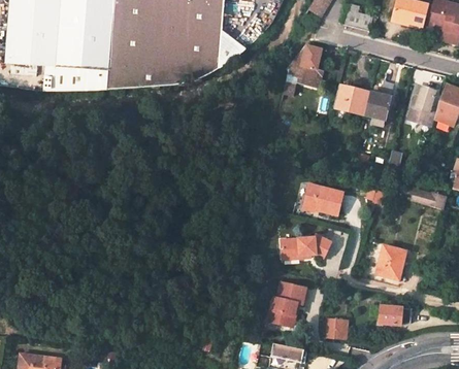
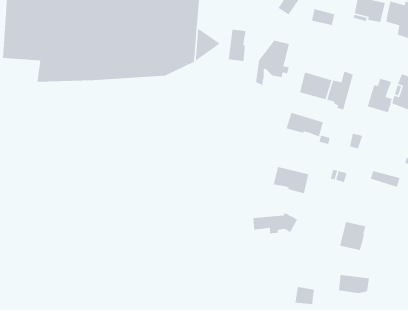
building: none -> [228,29,247,62]
building: none -> [286,112,324,137]
building: [268,282,303,327] -> none

